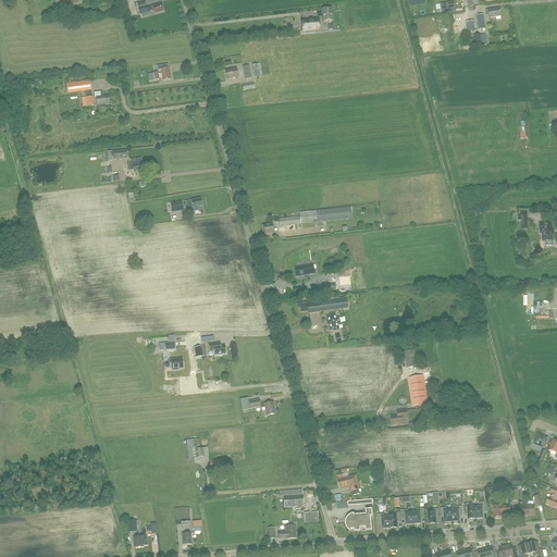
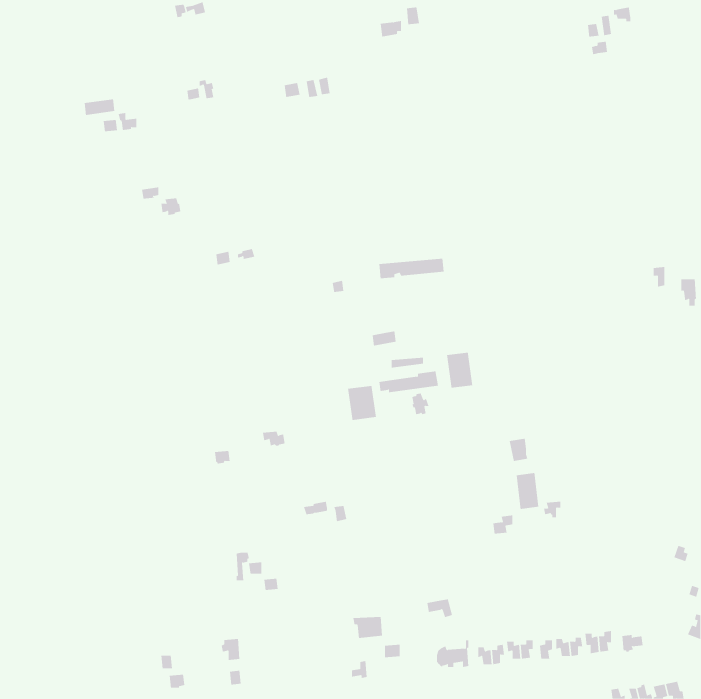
building: none -> [446,352,473,388]
building: none -> [348,385,377,421]

